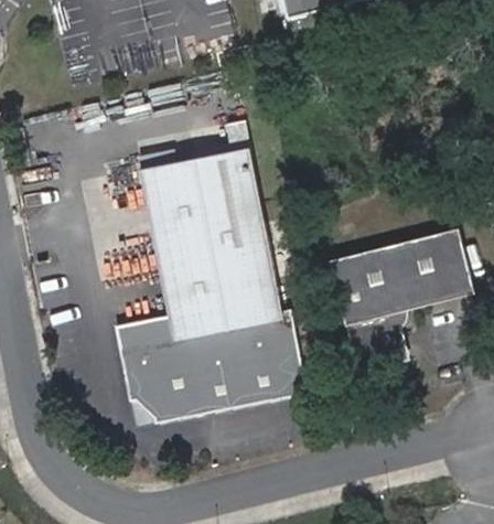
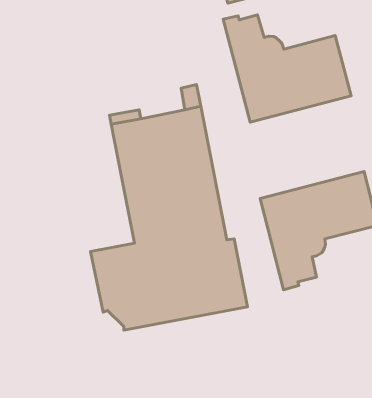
building: none -> [223,15,351,122]

